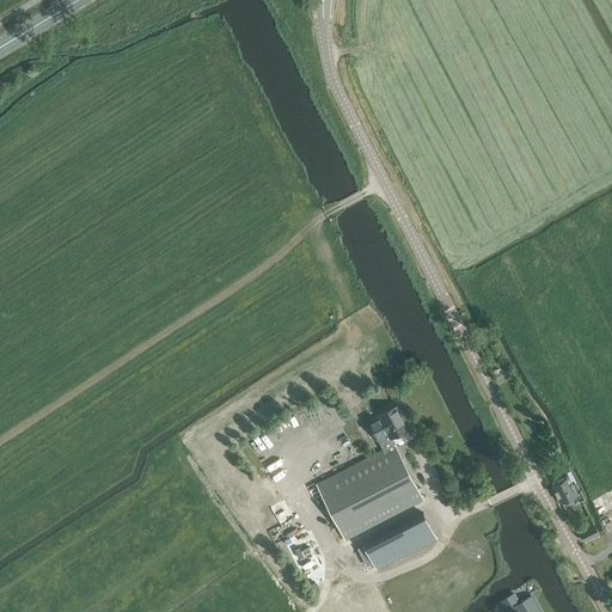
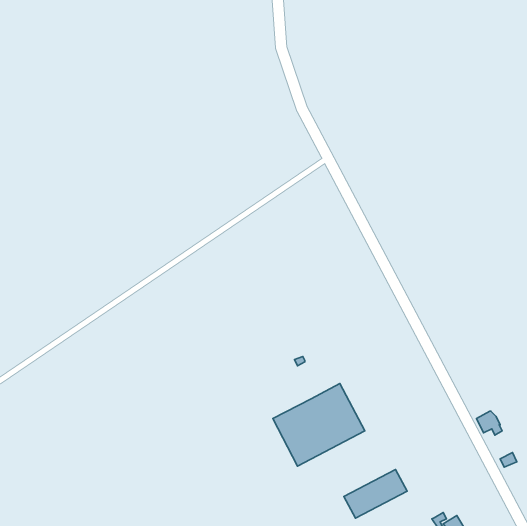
building: [367,406,408,452] -> none
building: [362,515,435,571] -> [344,470,407,518]

